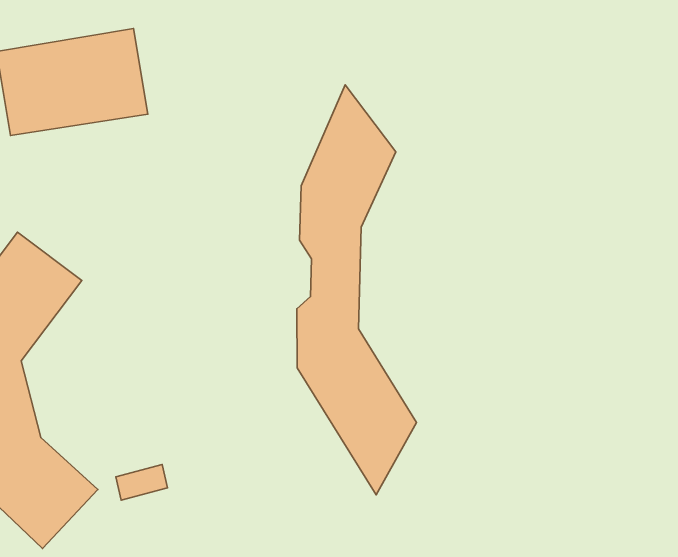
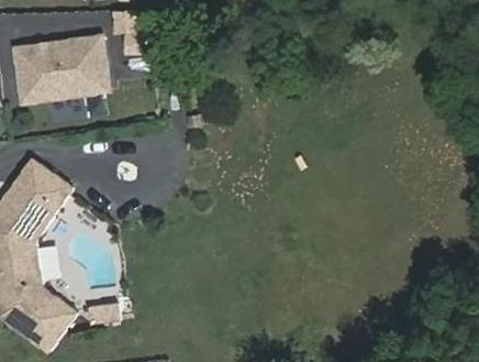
building: [297,85,417,495] -> none

